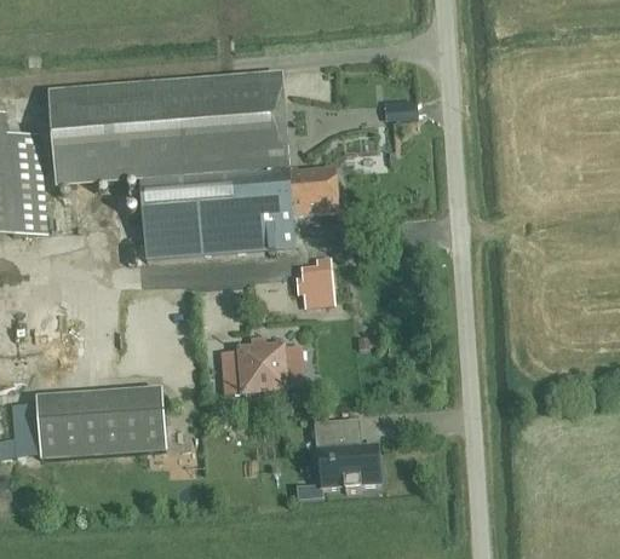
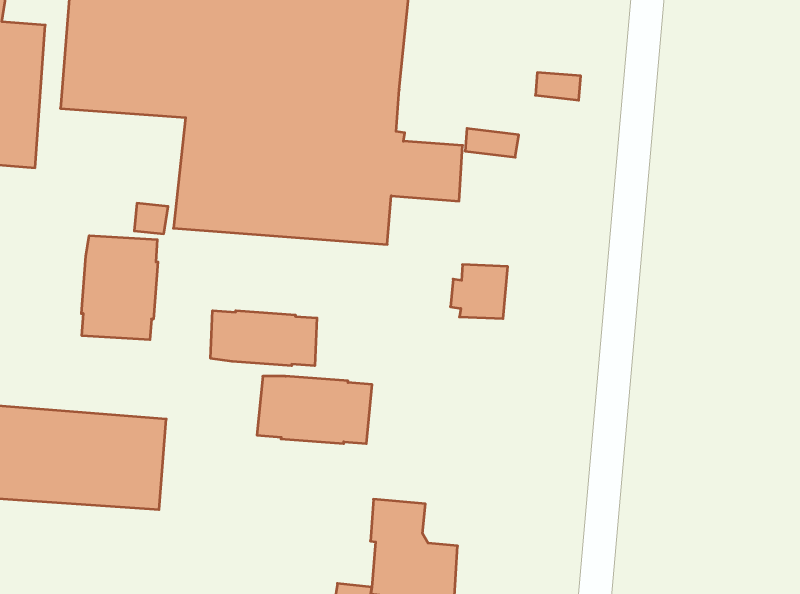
building: [293,258,332,298] -> [450,265,508,319]
building: none -> [81,236,158,340]
building: none -> [211,311,317,366]

